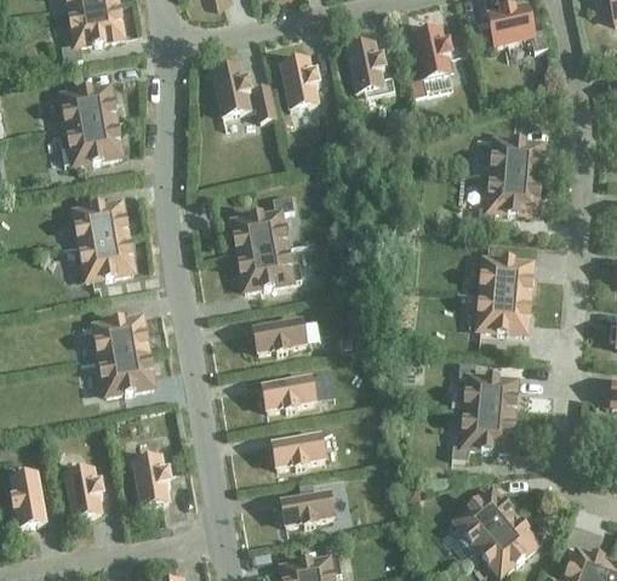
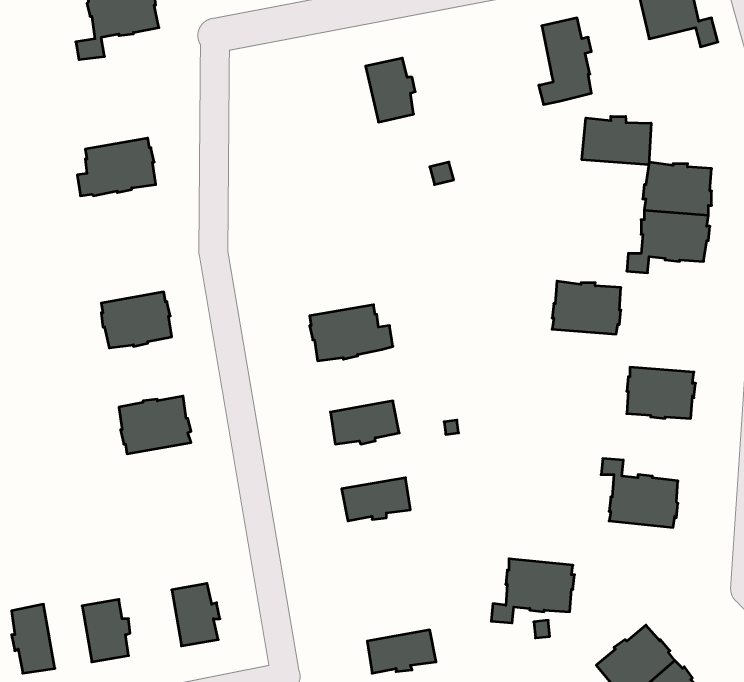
building: [345,44,394,96] -> none
building: [211,67,274,120] -> none
building: [59,85,114,129] -> none
building: none -> [582,116,651,165]
building: [230,195,292,255] -> none
building: [73,201,126,245] -> none
building: [479,257,531,297] -> [552,281,621,334]
building: [98,351,153,394] -> none
building: [450,410,513,458] -> [491,559,575,623]
building: [270,434,322,467] -> none

